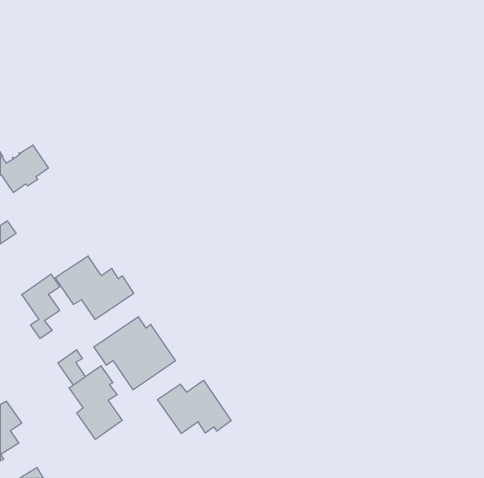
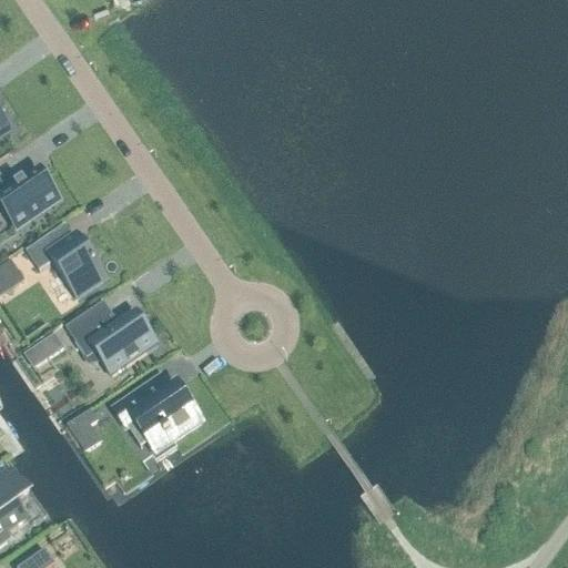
building: none -> [30,233,101,293]
building: [69,366,122,439] -> none
building: [158,380,231,434] -> none

